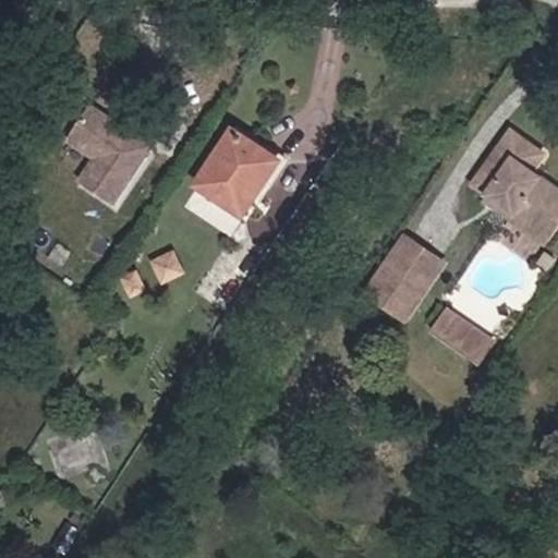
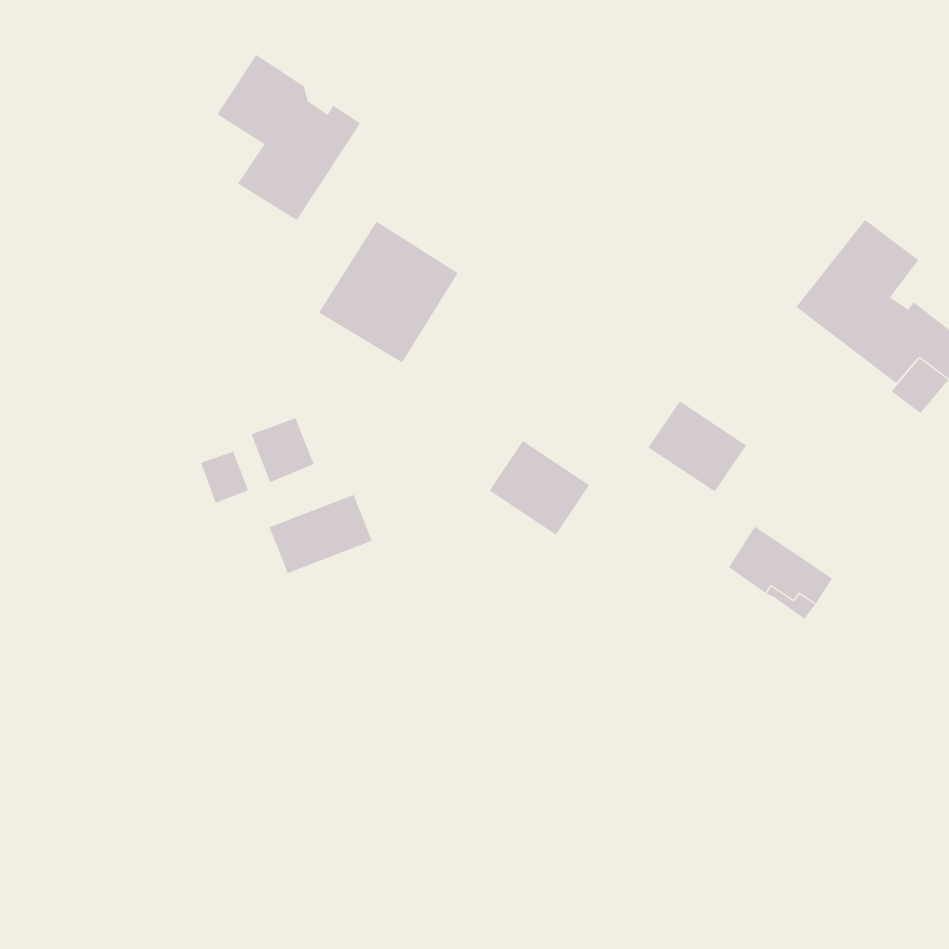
building: [74,98,158,195] -> [217,54,361,221]
building: [362,265,421,320] -> [489,440,590,536]
building: none -> [269,494,372,574]

